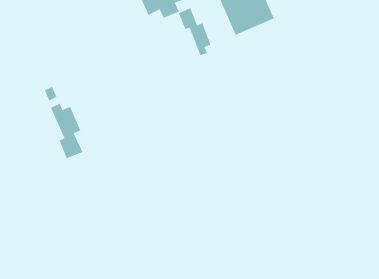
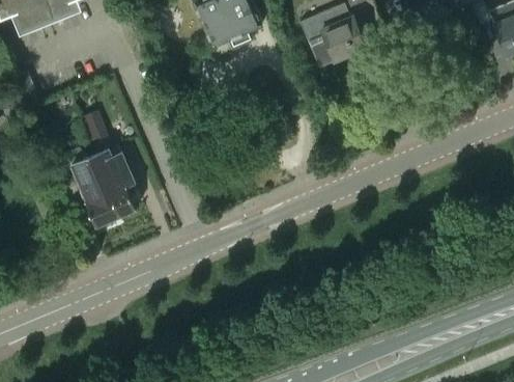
building: [178,7,212,56] -> none
building: none -> [66,148,115,225]

